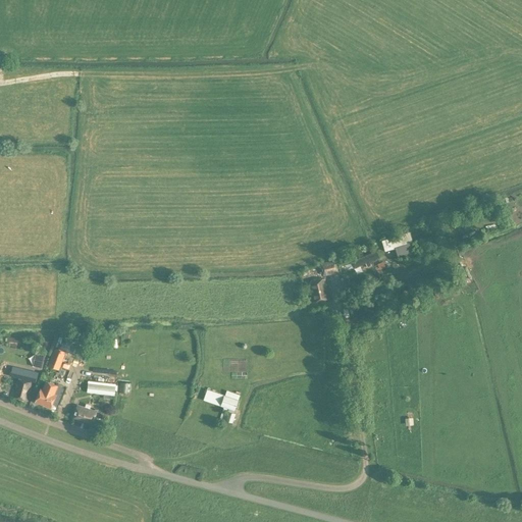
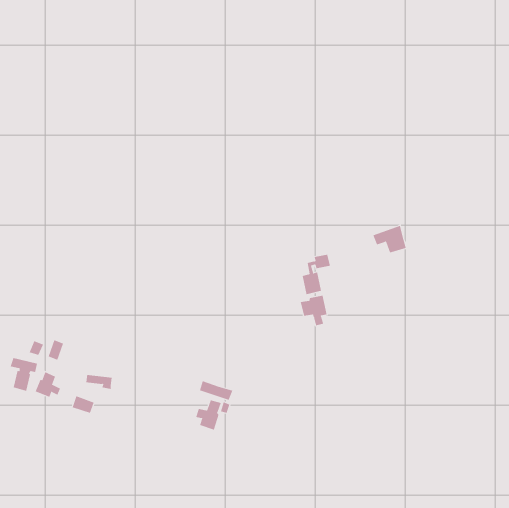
building: none -> [300,295,327,326]
building: none -> [195,399,221,430]

